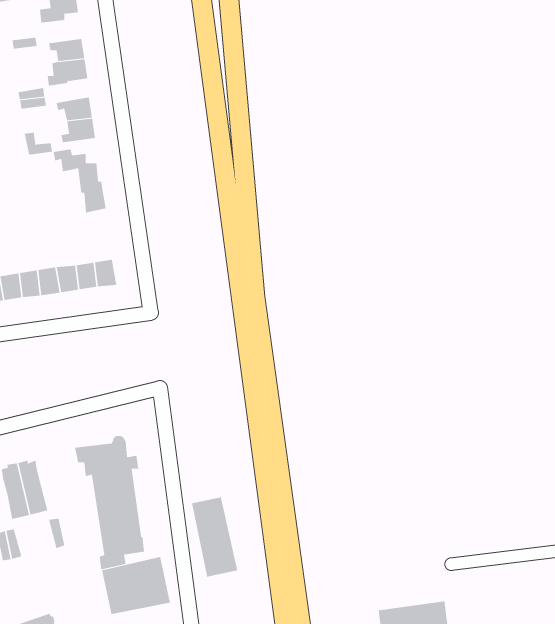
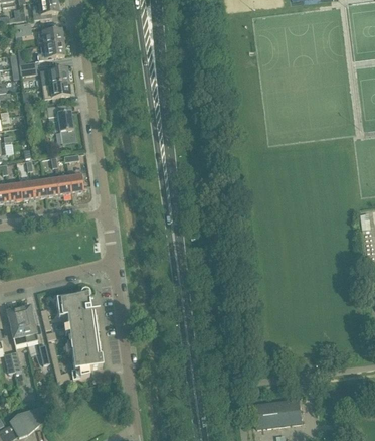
building: [192,497,238,577] -> none
building: [102,556,171,615] -> none

